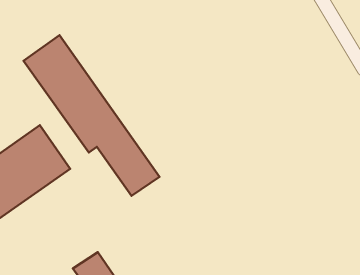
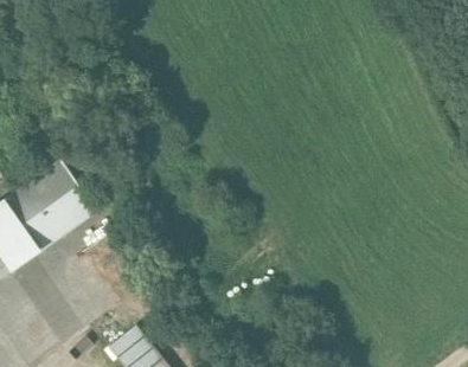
building: [24,35,159,196] -> none

